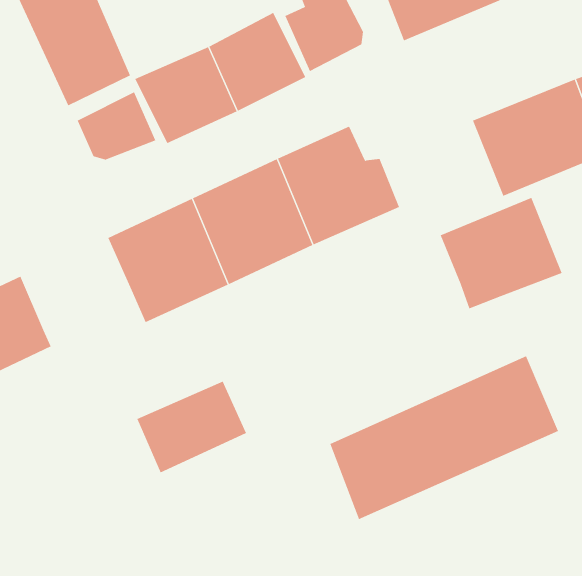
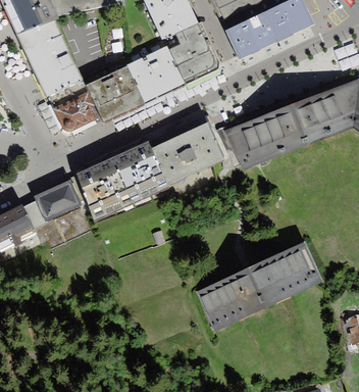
building: [440,197,563,309] -> [223,107,293,170]
building: [137,381,247,473] -> [20,174,83,226]

